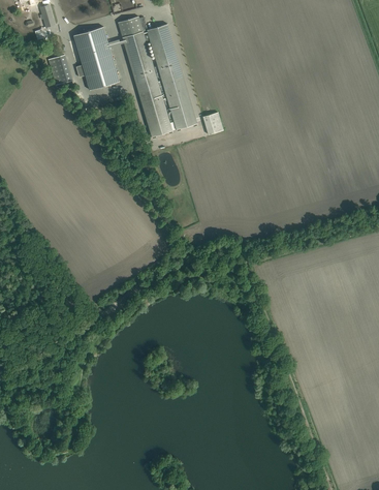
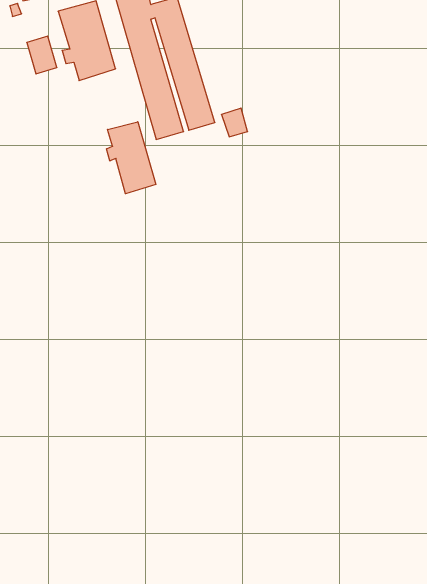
building: none -> [107,122,156,194]

